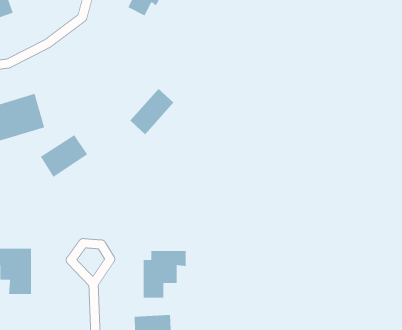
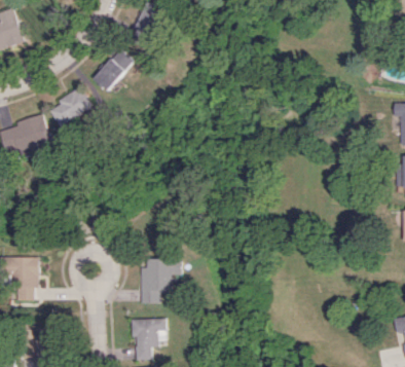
building: [129,88,174,135] -> [94,48,135,91]
building: [40,134,88,178] -> [48,87,93,127]

